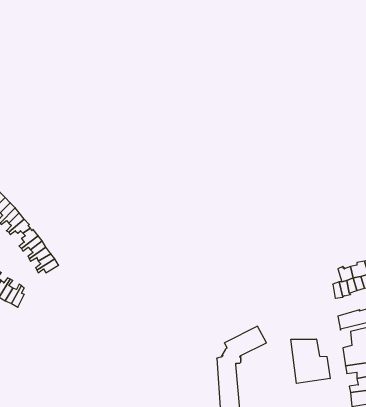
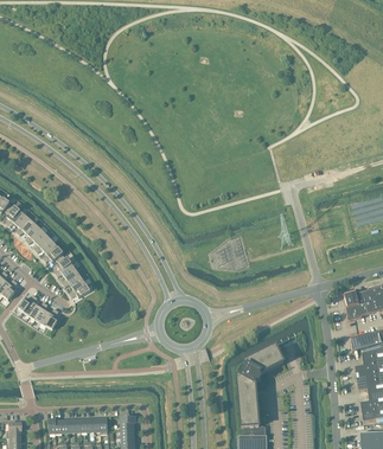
building: [291,339,330,383] -> none

